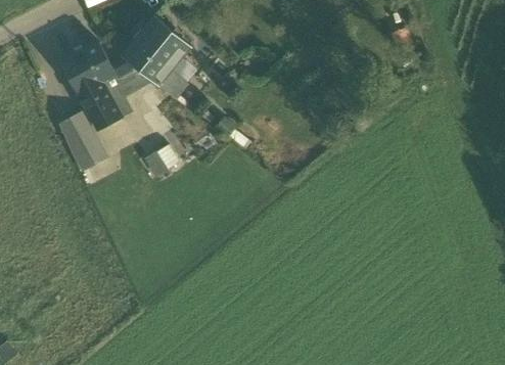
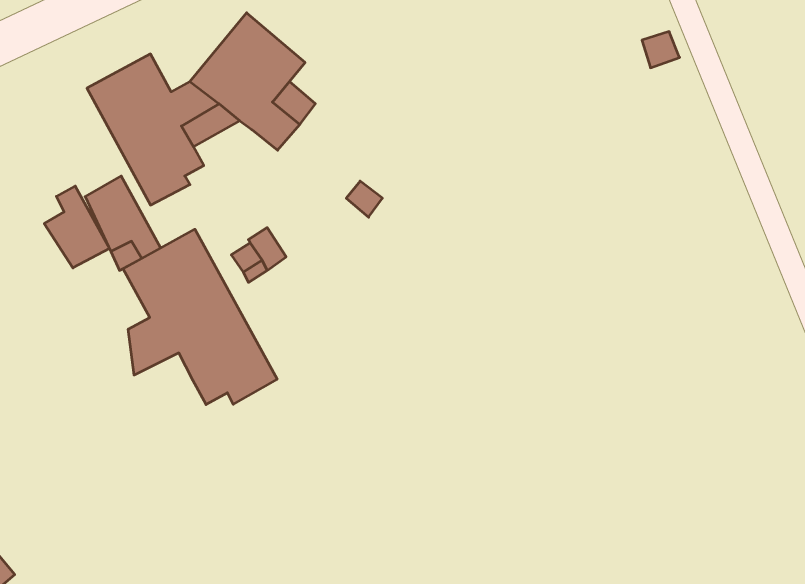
building: none -> [44,186,109,268]
building: none -> [123,229,277,405]

